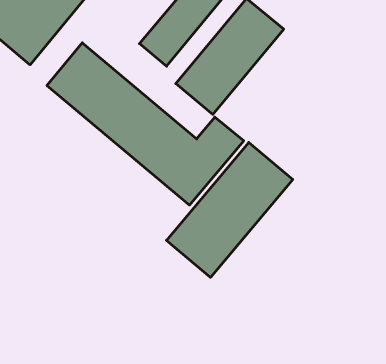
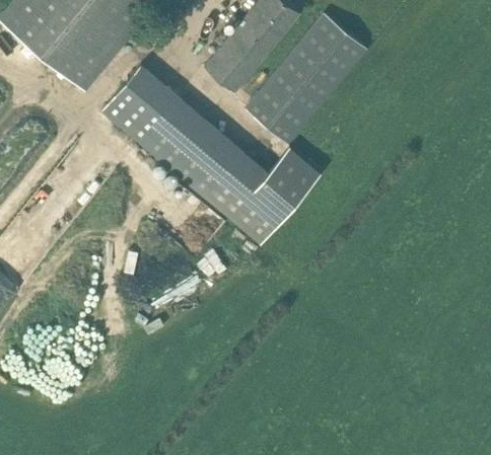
building: [166,142,293,277] -> none

